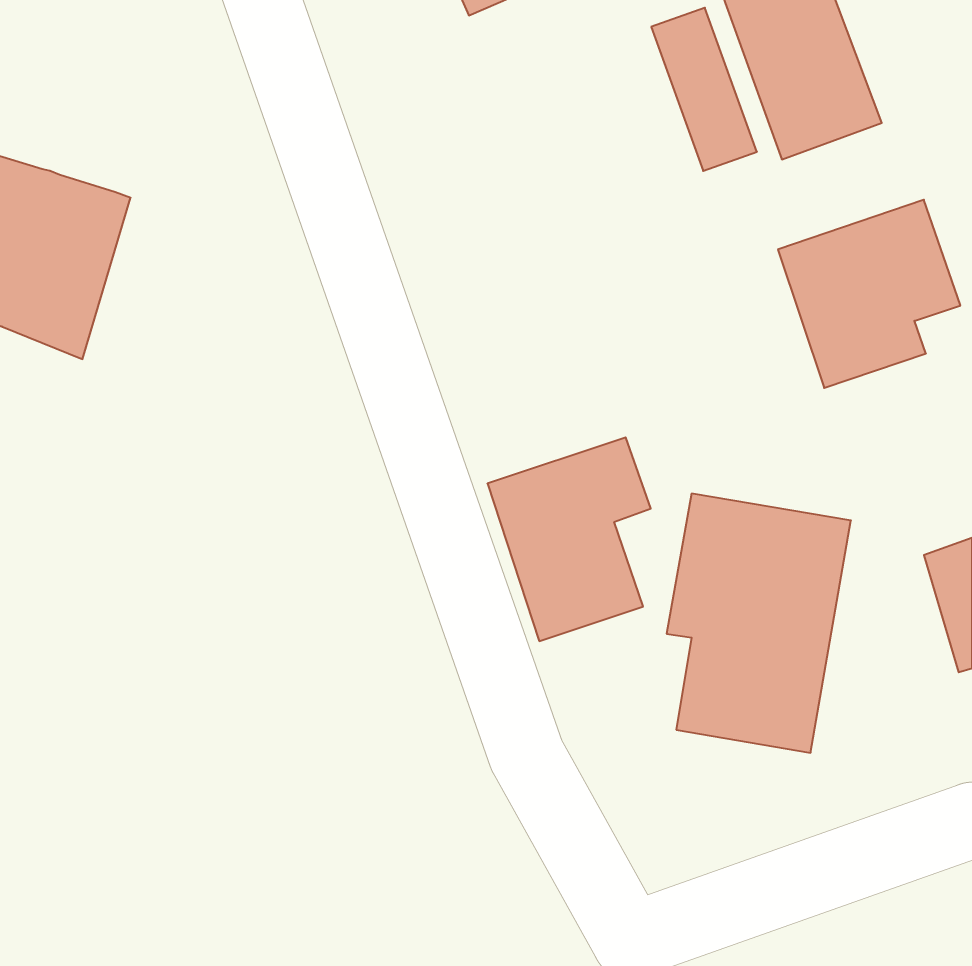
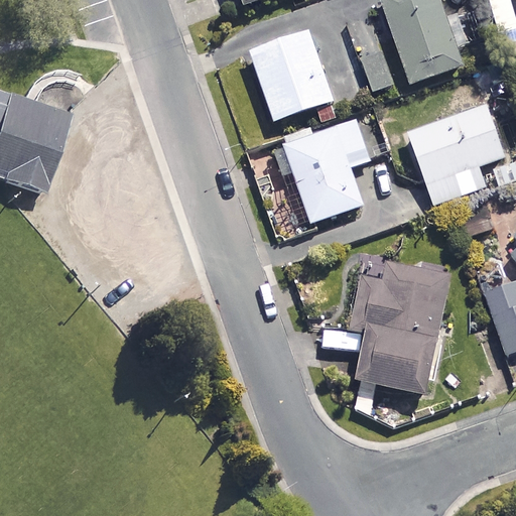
building: none -> [250,32,333,122]
building: [487,437,651,641] -> [282,116,368,223]

